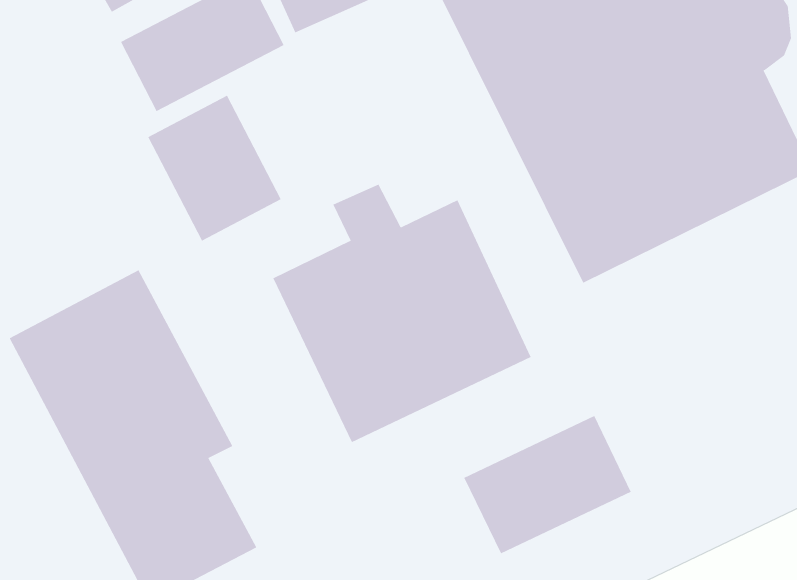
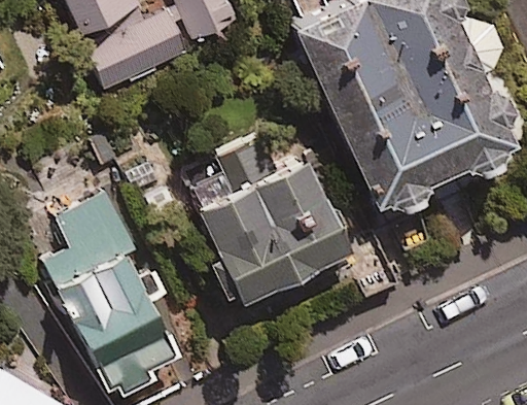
building: [148,95,281,241] -> none
building: [464,415,632,554] -> none

